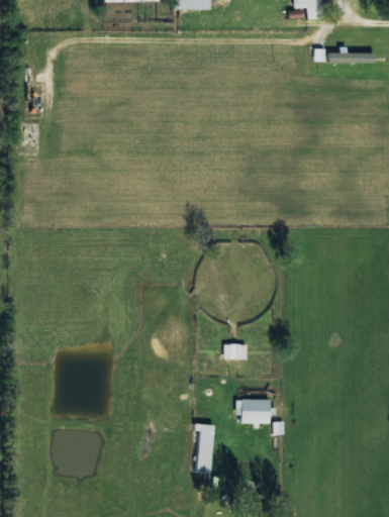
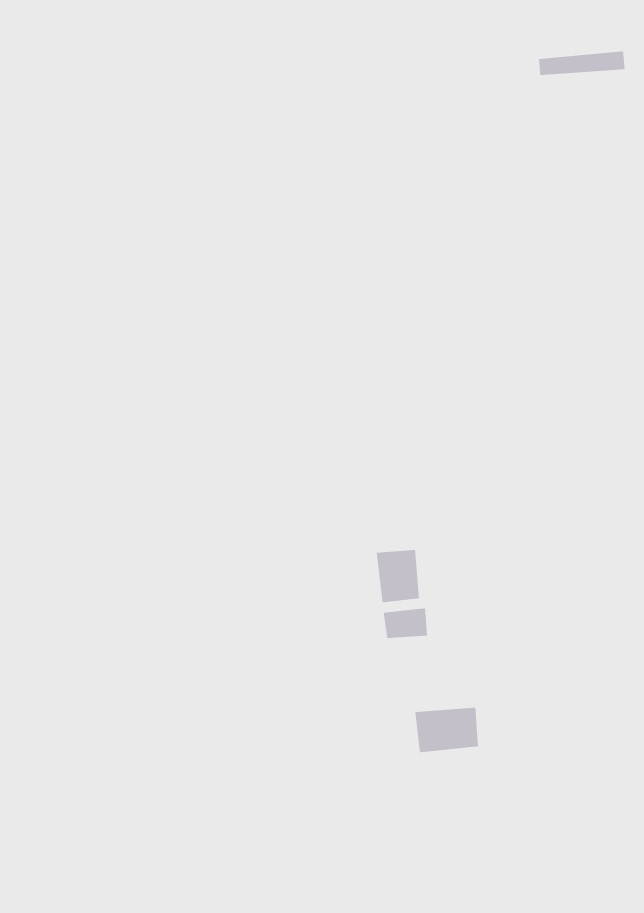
building: none -> [376,549,419,603]
building: [195,423,213,473] -> none

